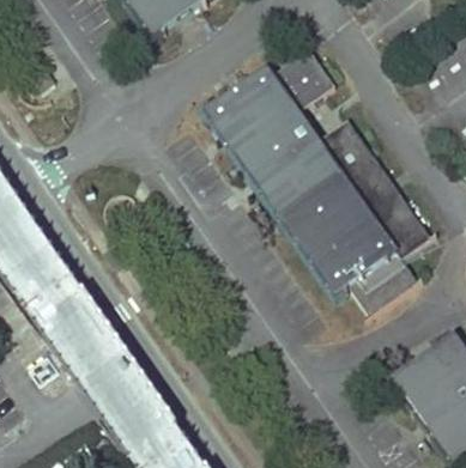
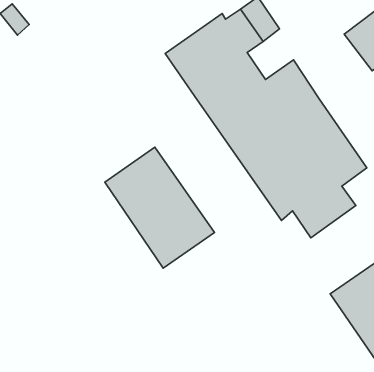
building: none -> [105,147,215,268]

